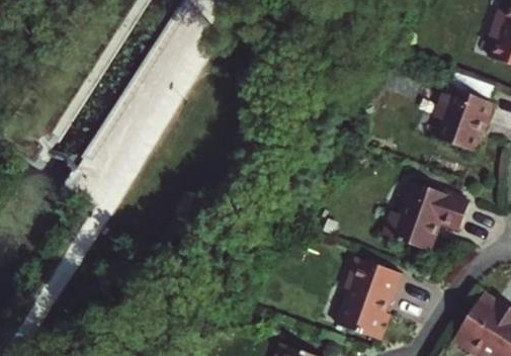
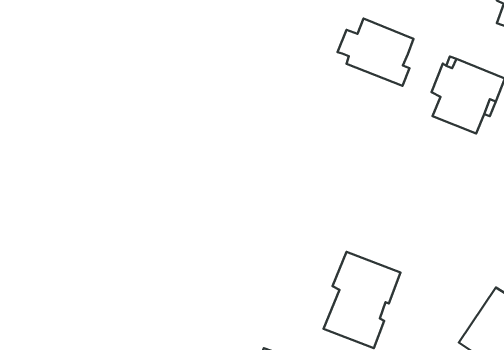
building: none -> [337,18,414,86]
building: [398,183,472,254] -> none

